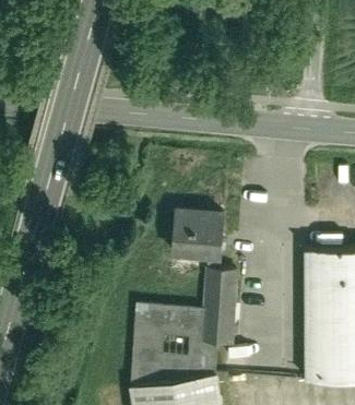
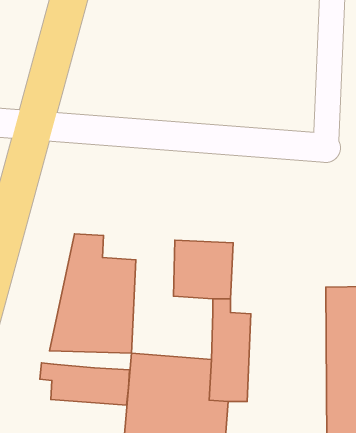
building: none -> [49,234,136,353]
building: none -> [40,363,130,405]

